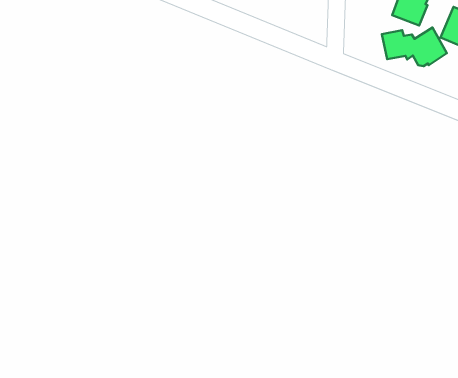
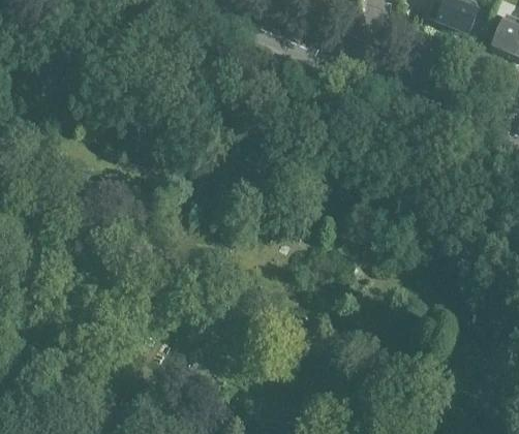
building: [382,28,447,66] -> none

